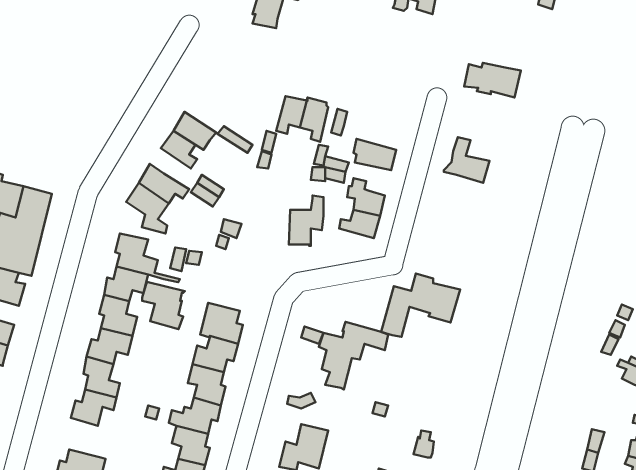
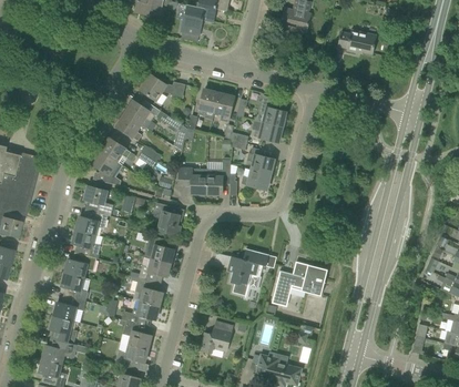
building: [464,63,521,97] -> [337,30,377,54]
building: none -> [141,74,185,106]
building: [444,137,490,183] -> [254,95,286,128]
building: none -> [178,167,207,194]
building: [381,274,460,337] -> [272,262,327,306]
building: [142,282,185,329] -> [152,202,182,235]
building: none -> [50,316,78,344]

